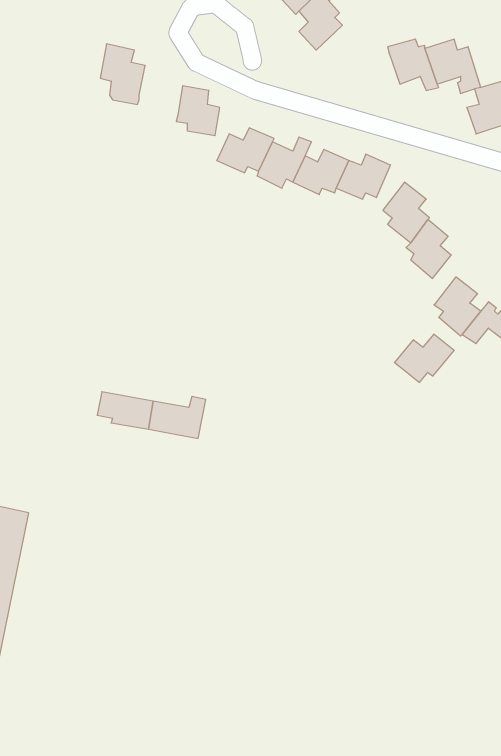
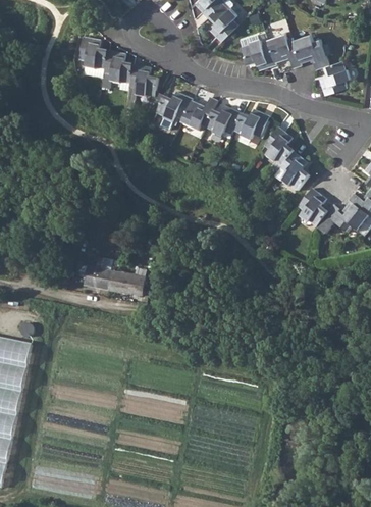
building: none -> [241,40,275,70]
building: none -> [104,51,132,84]
building: [394,334,454,382] -> none

